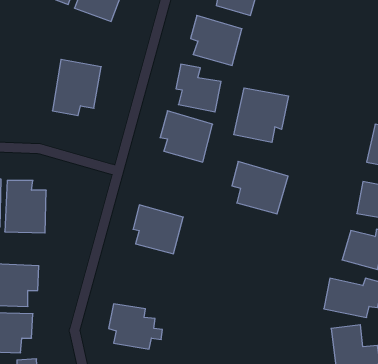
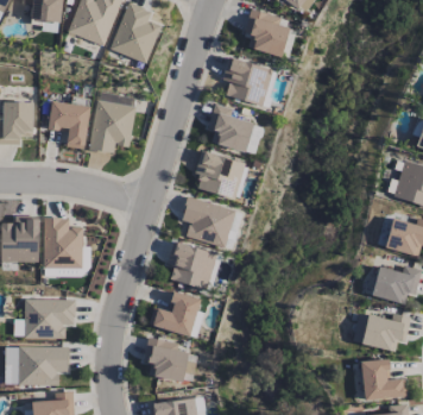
building: none -> [49,102,89,149]
building: [234,88,288,142] -> none
building: [232,161,288,214] -> [182,196,236,247]
building: none -> [150,291,200,335]

